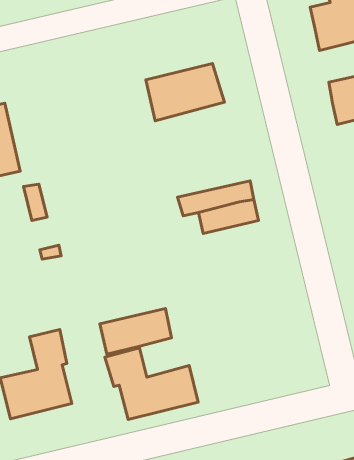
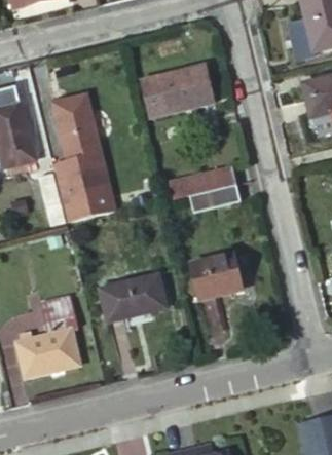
building: none -> [54,94,113,221]
building: none -> [187,254,243,301]
building: [105,348,198,420] -> none

